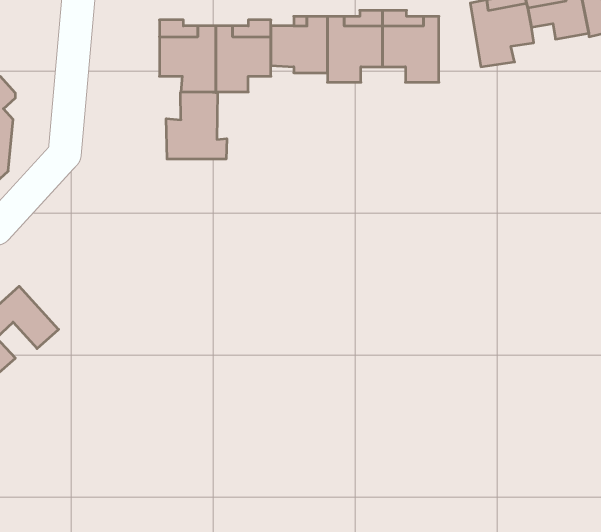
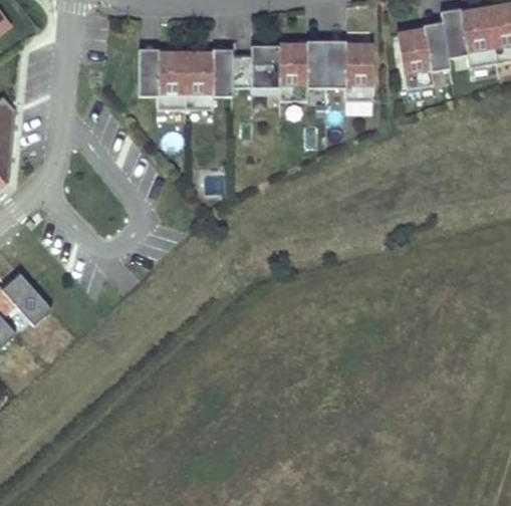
building: [166,92,227,159] -> none

